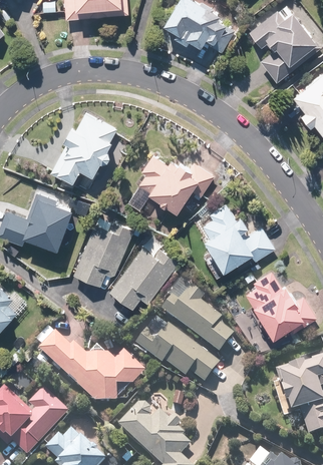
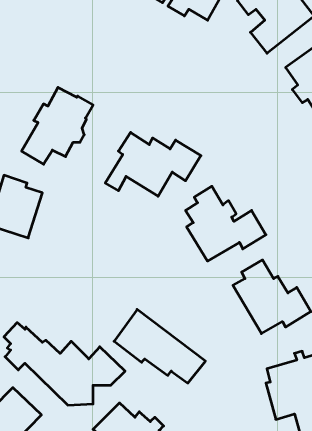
building: [74,216,134,286] -> none
building: [110,235,181,309] -> none
building: [163,279,235,354] -> none

